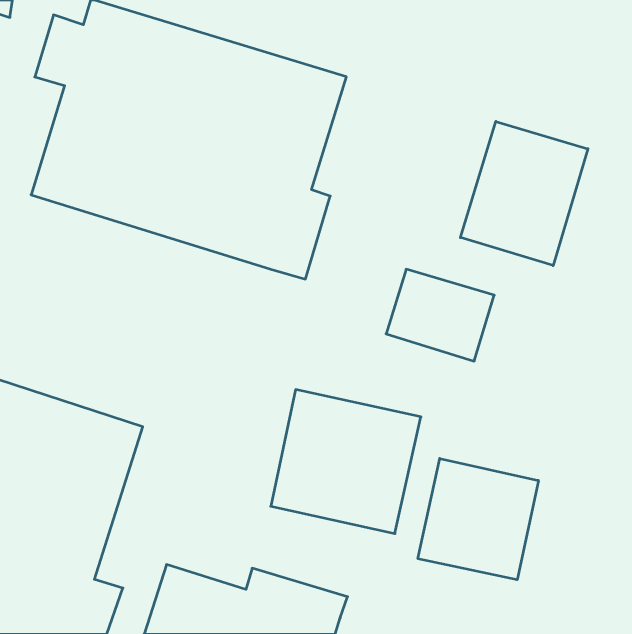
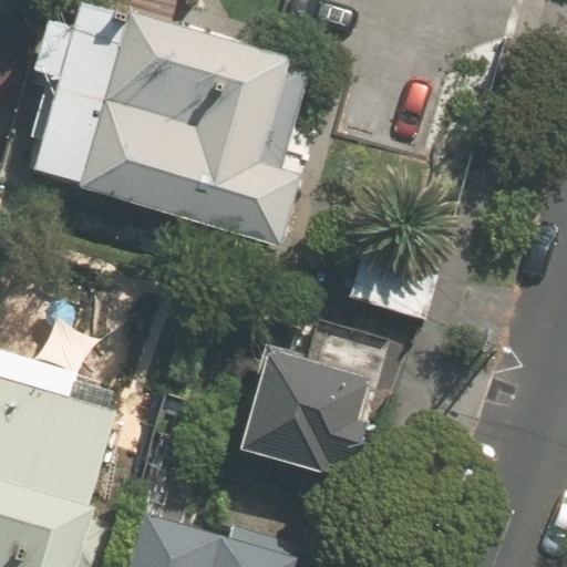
building: [460,121,588,266] -> none
building: [418,458,538,580] -> none

